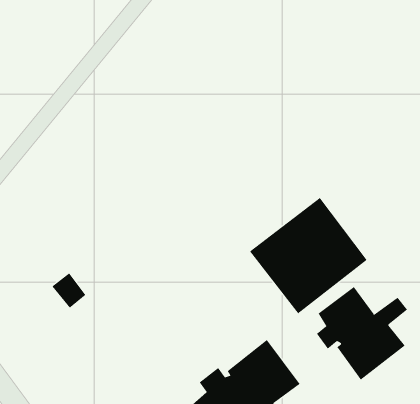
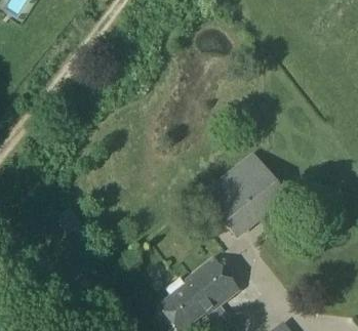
building: [316,286,408,380] -> none

